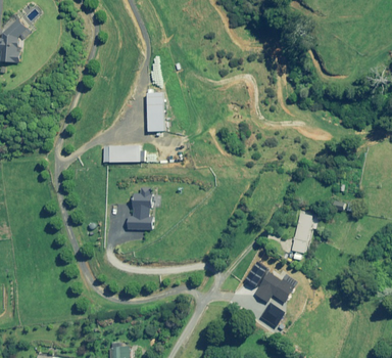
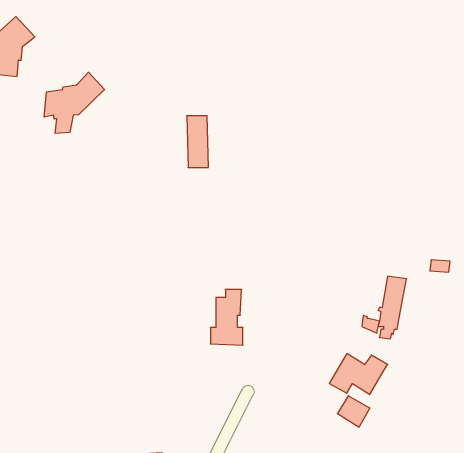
building: none -> [44,72,105,133]
building: [102,145,145,162] -> none
building: [129,187,153,229] -> [210,289,243,345]

